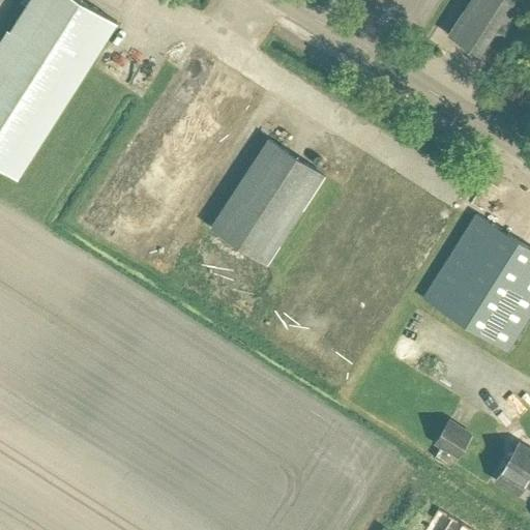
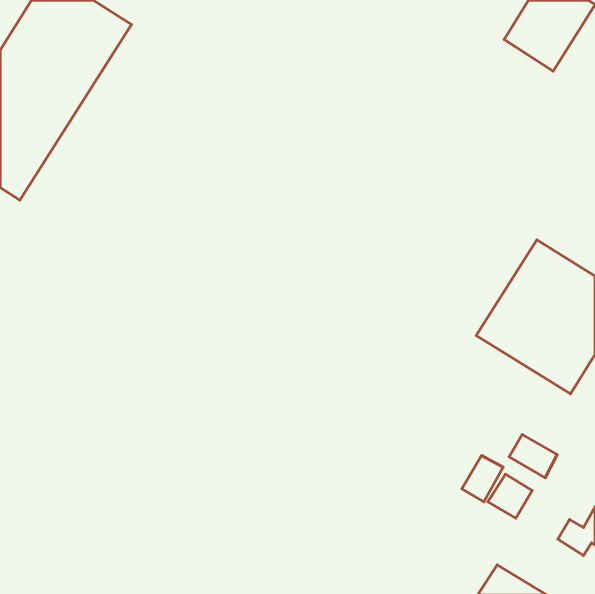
building: [211,140,323,263] -> none
building: none -> [509,434,557,478]
building: none -> [462,455,503,502]

